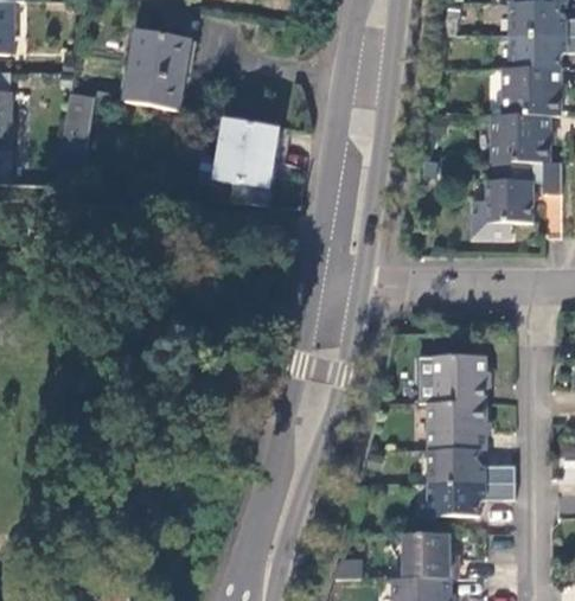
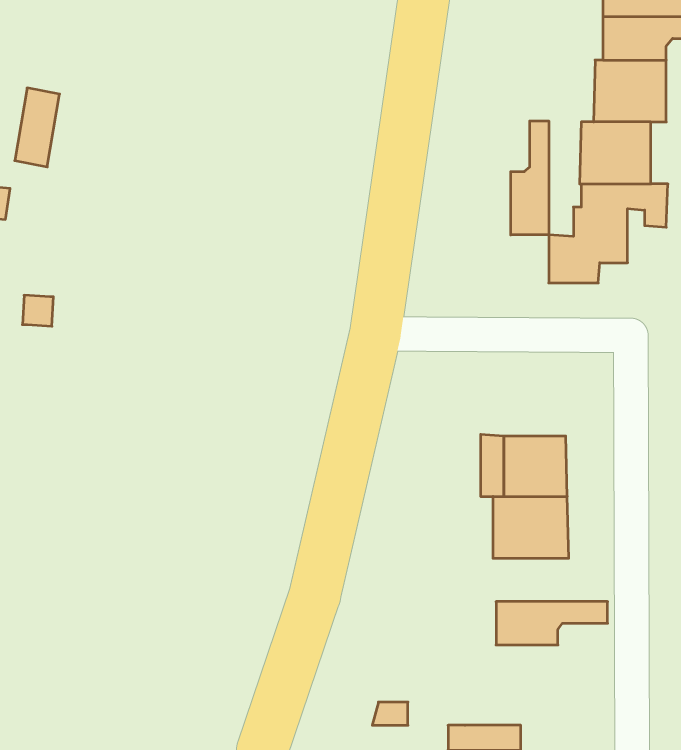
building: [127,31,191,107] -> none
building: none -> [511,121,549,235]
building: [216,115,280,203] -> none
building: [428,448,515,481] -> none
building: [405,531,456,576] -> none

